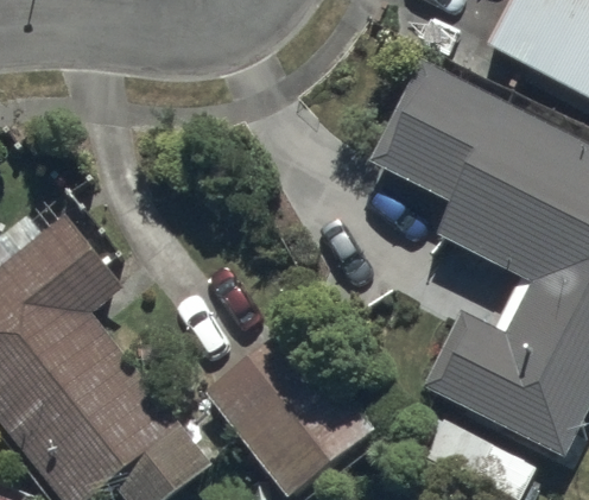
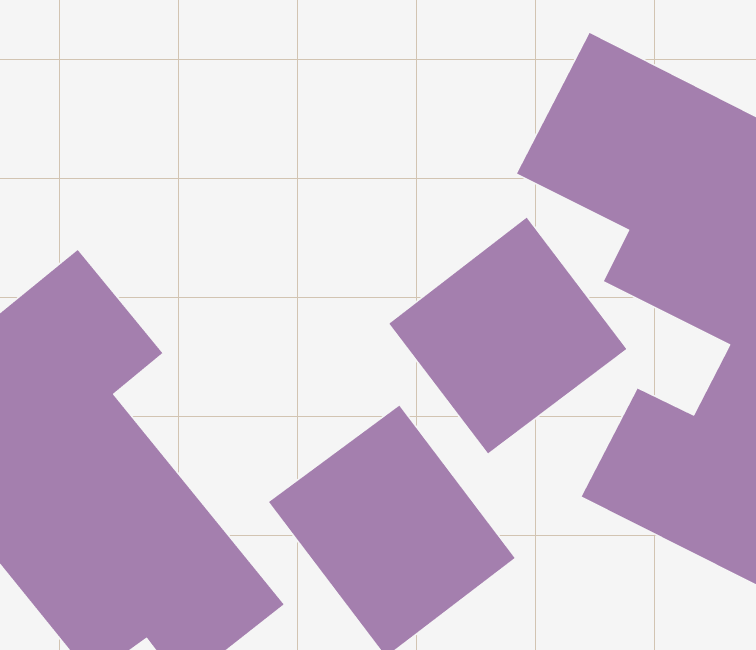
building: none -> [388,216,628,454]

